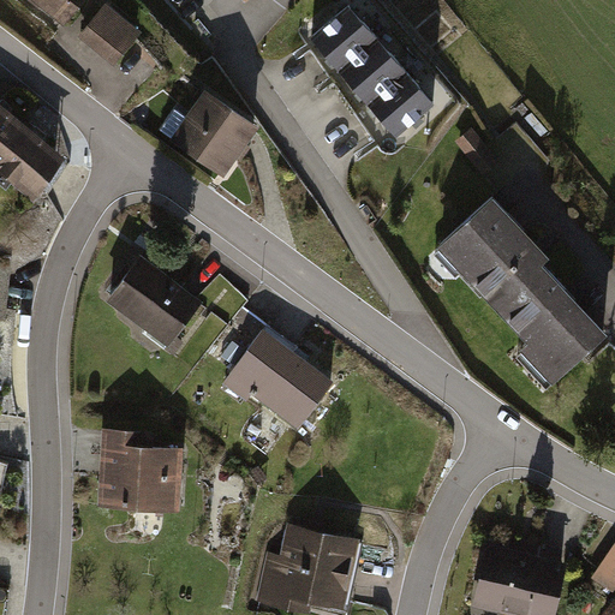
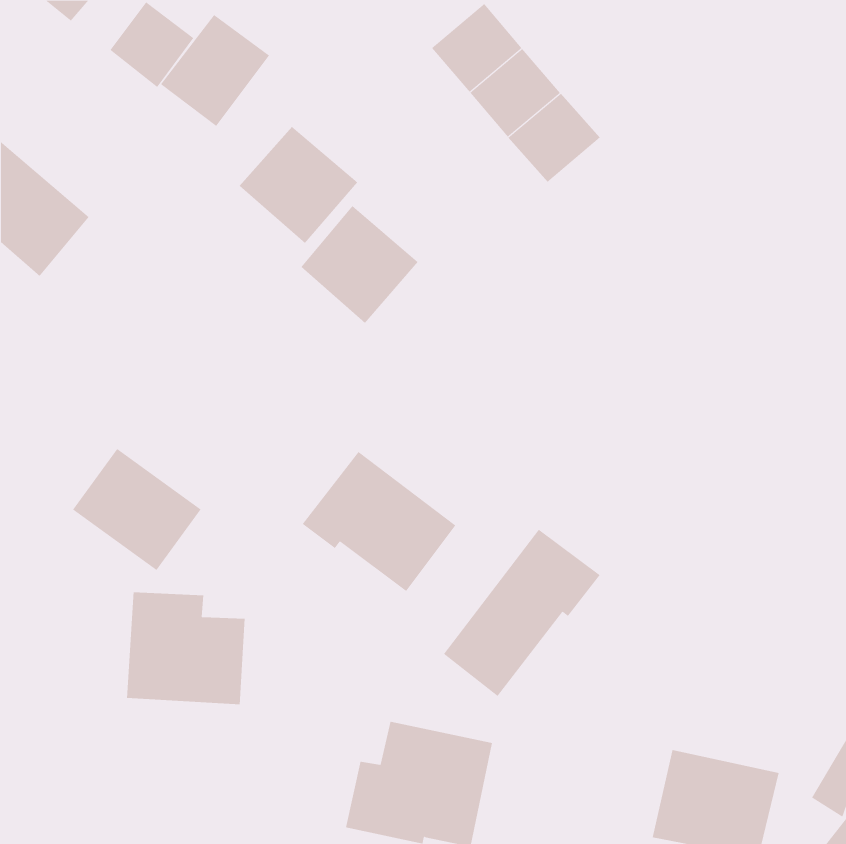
building: none -> [160,14,270,127]
building: none -> [300,205,419,324]
building: [436,198,609,388] -> none
building: [103,257,197,346] -> [72,448,202,571]
building: none -> [443,529,600,697]

